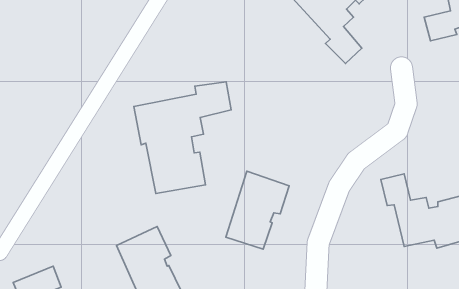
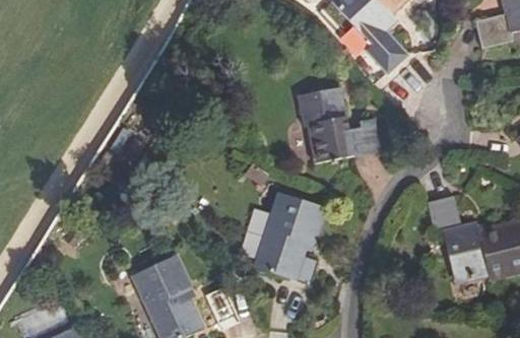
building: none -> [298,87,379,163]
building: [134,82,231,194] -> none

